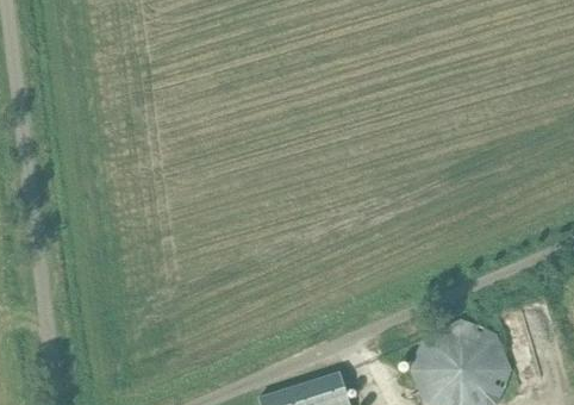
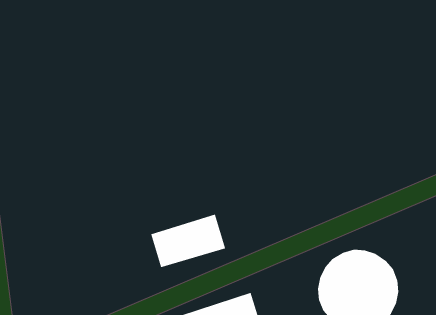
building: none -> [150,214,226,268]

